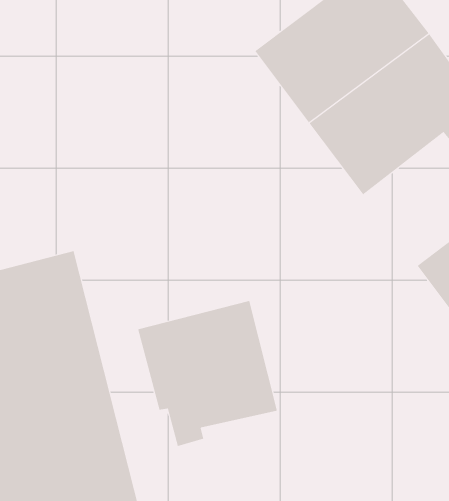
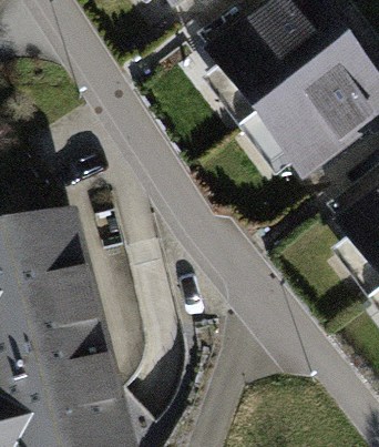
building: [137,300,278,447] -> none

